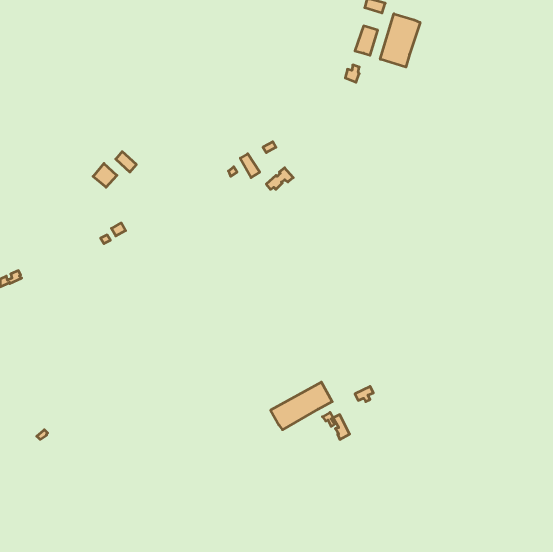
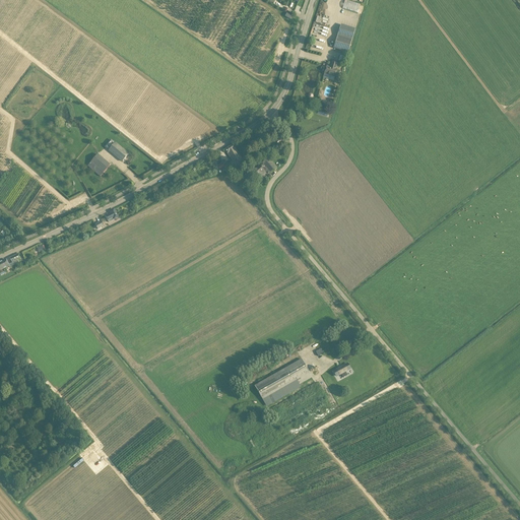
building: [380,14,420,67] -> none

